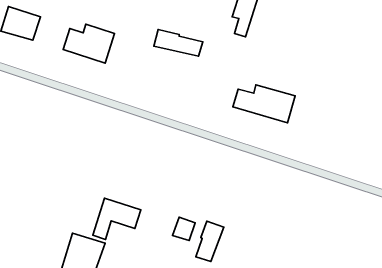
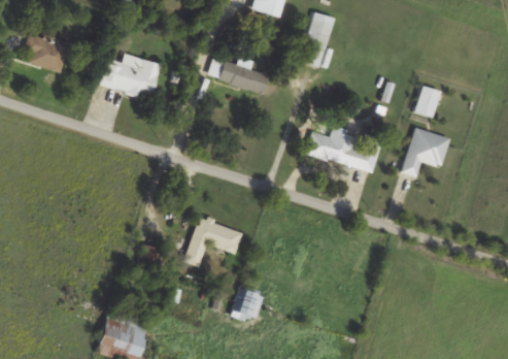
building: none -> [413,86,440,119]
building: none -> [401,128,449,178]
building: [93,198,141,239] -> [182,217,241,267]
building: [196,221,224,262] -> none

